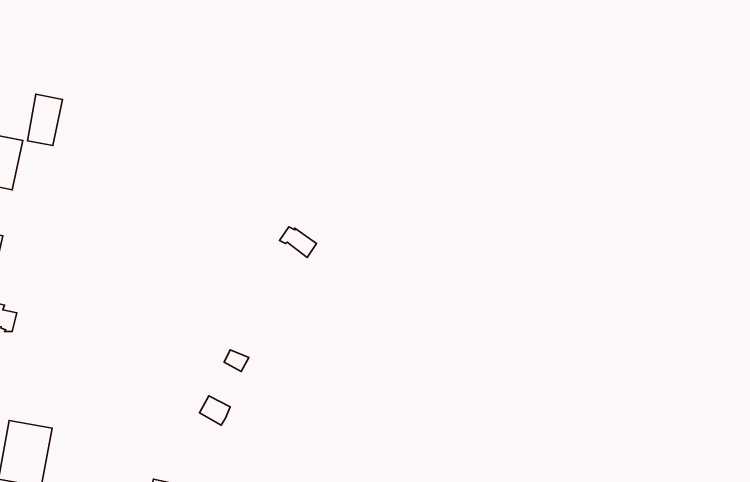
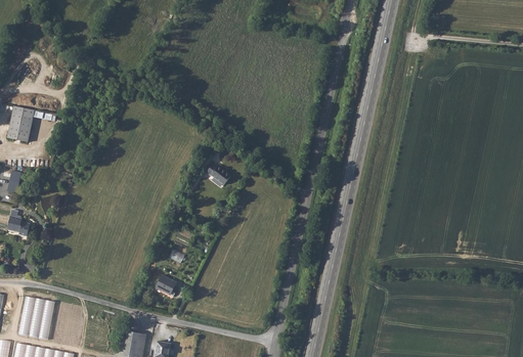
building: [27,94,62,145] -> none

